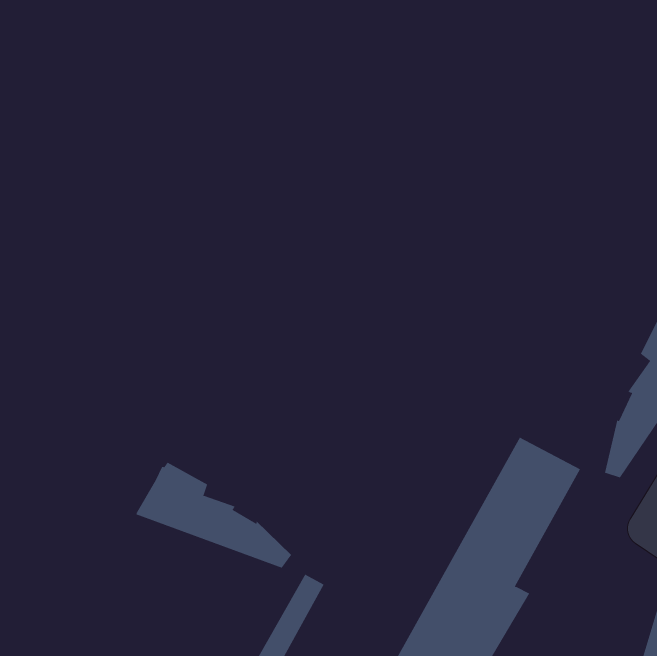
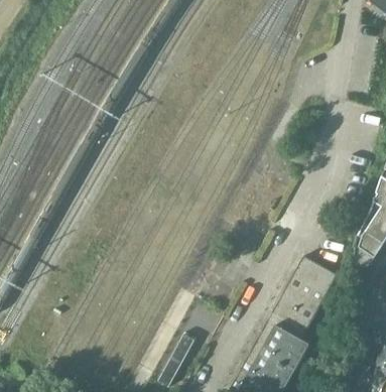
building: [136,462,292,569] -> none

